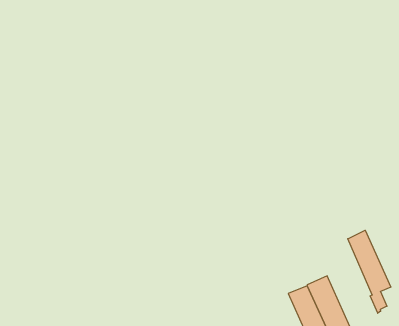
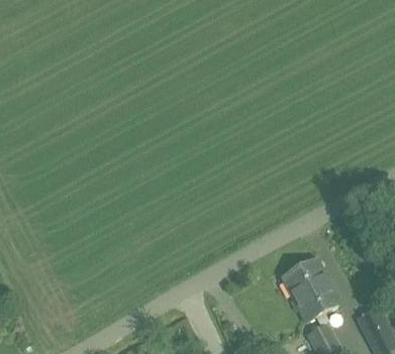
building: [348,230,391,313] -> none

